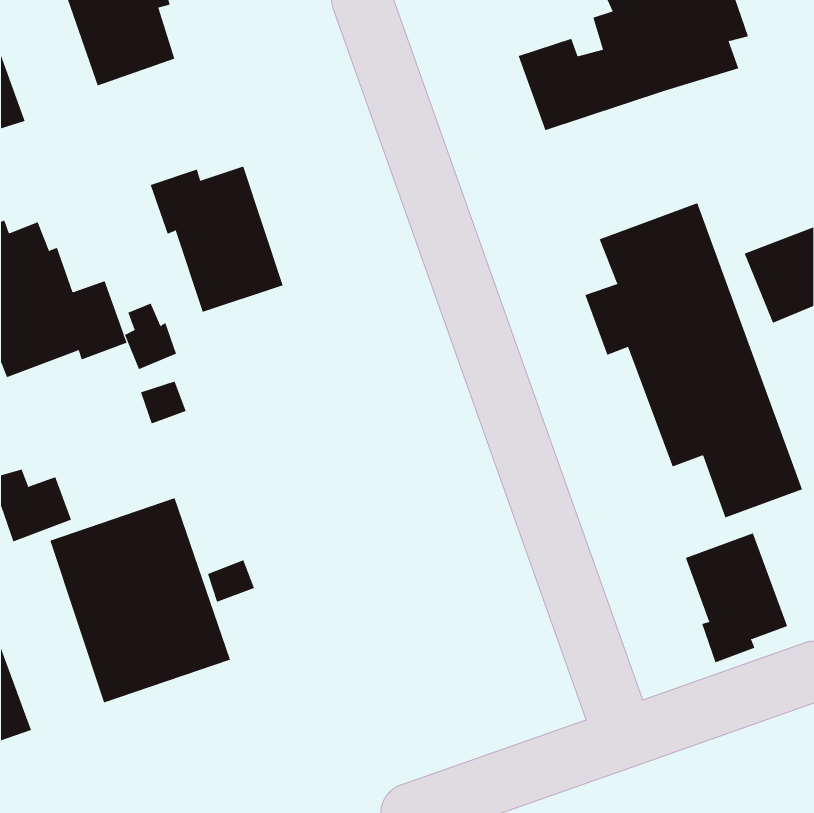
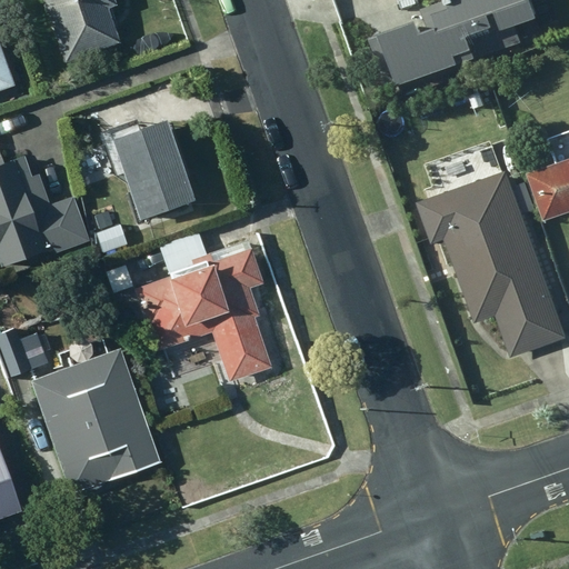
building: none -> [137,229,274,380]
building: [685,532,788,663] -> none

